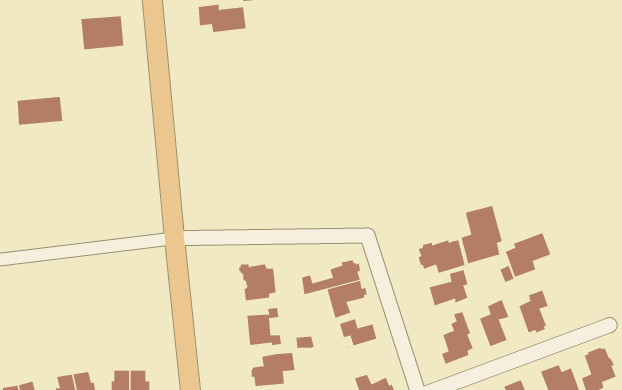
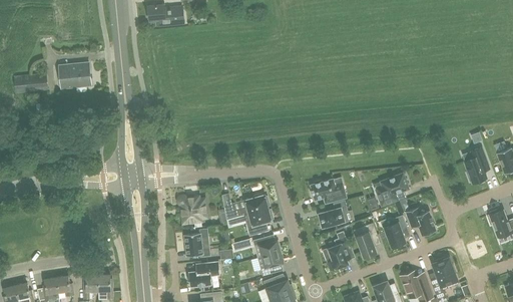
building: [81,16,124,50] -> [58,62,90,87]
building: [461,205,502,264] -> none
building: none -> [405,207,436,235]
building: none -> [256,251,283,275]

